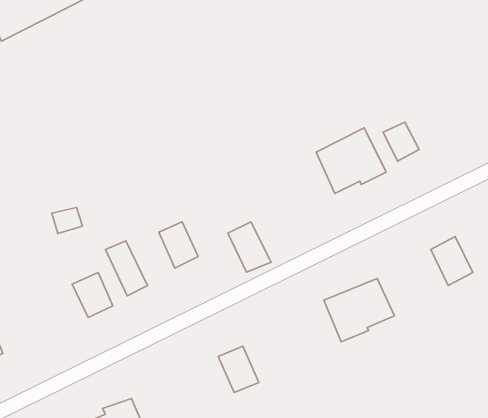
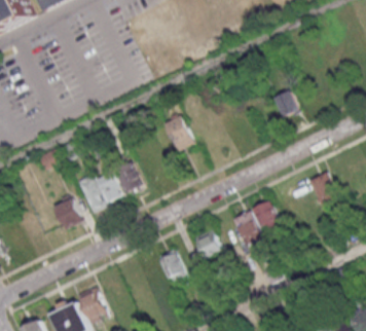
building: [316,128,386,194] -> none
building: [228,222,271,272] -> [162,115,193,151]
building: none -> [95,171,122,203]
building: none -> [192,228,222,260]

